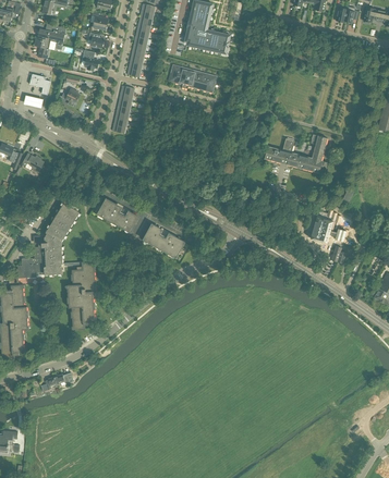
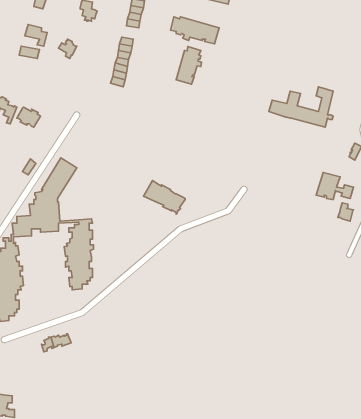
building: none -> [176,46,201,84]
building: [98,198,137,230] -> none

